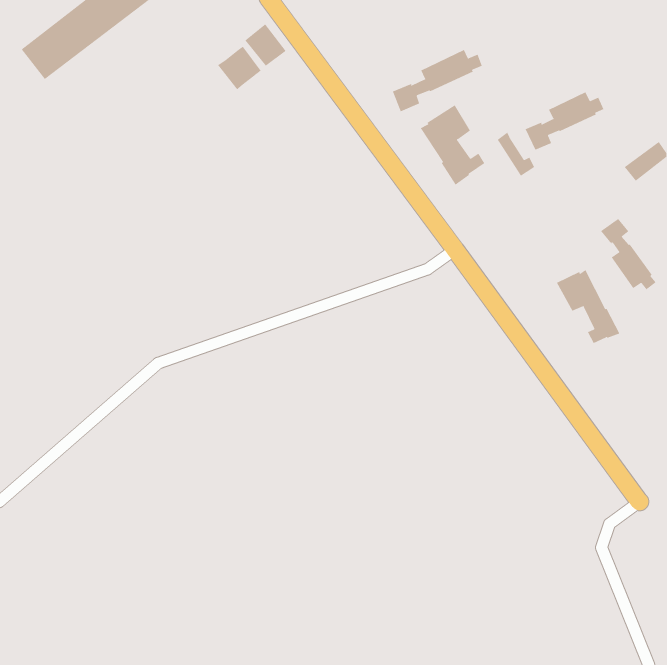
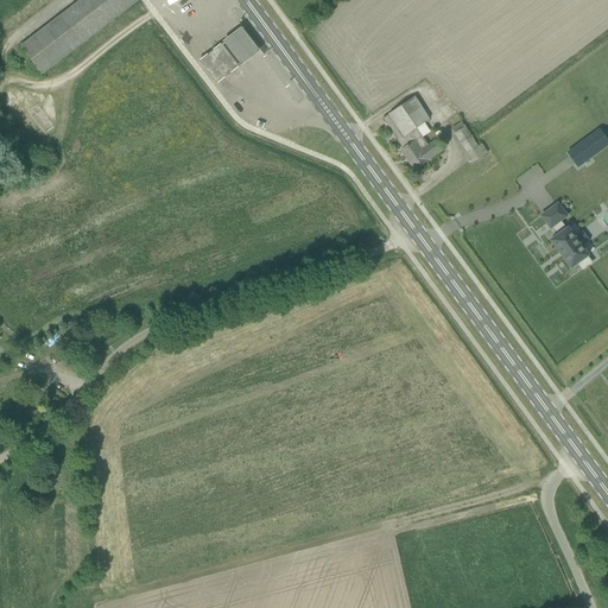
building: [392,49,483,112] -> none
building: [525,91,604,151] -> none
building: [556,269,620,344] -> none

